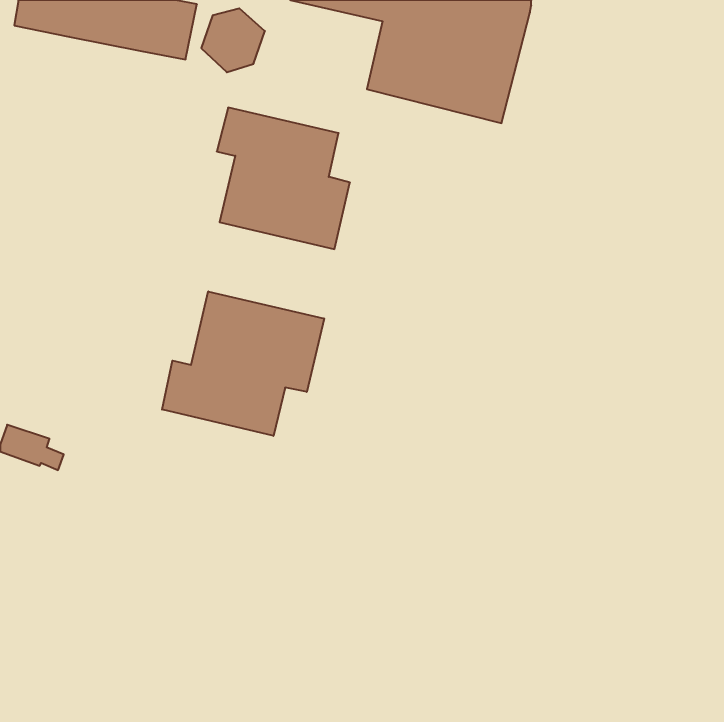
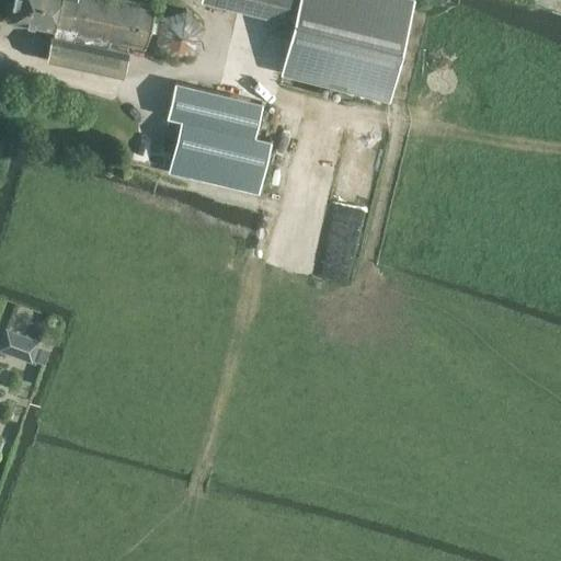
building: none -> [46,30,127,77]
building: [162,291,324,436] -> none

